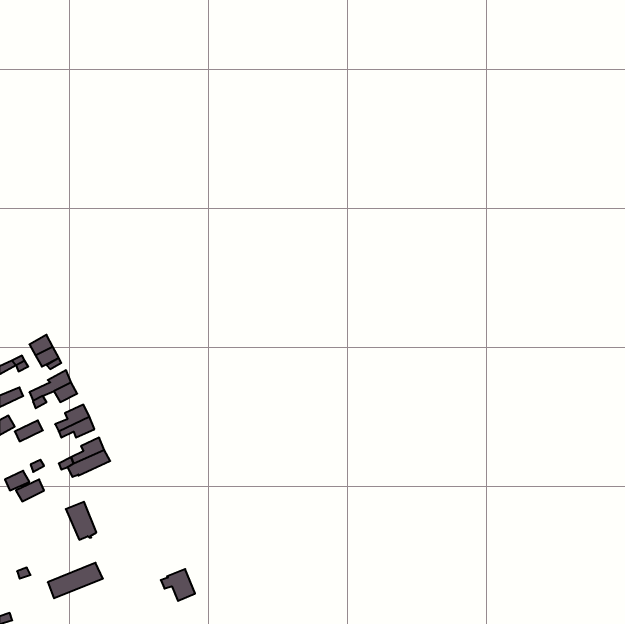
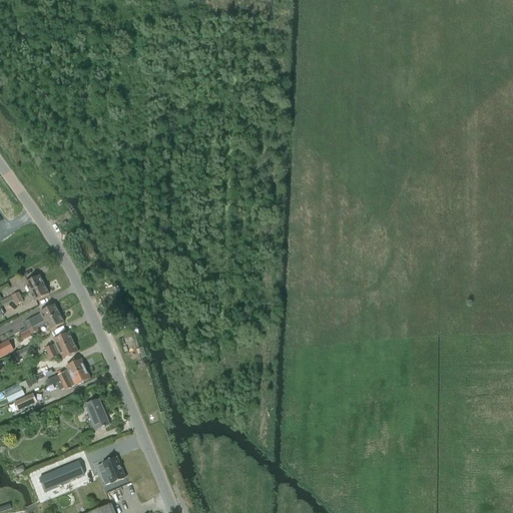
building: [66,502,96,540] -> [84,398,109,429]
building: [161,569,195,601] -> [96,456,124,482]

